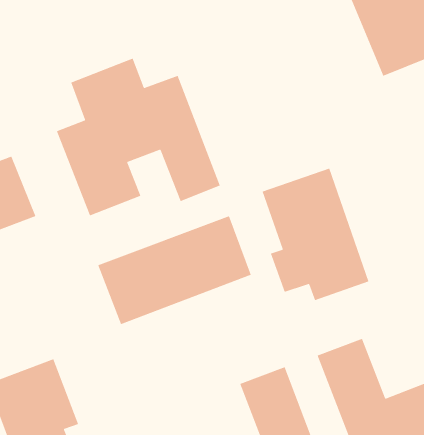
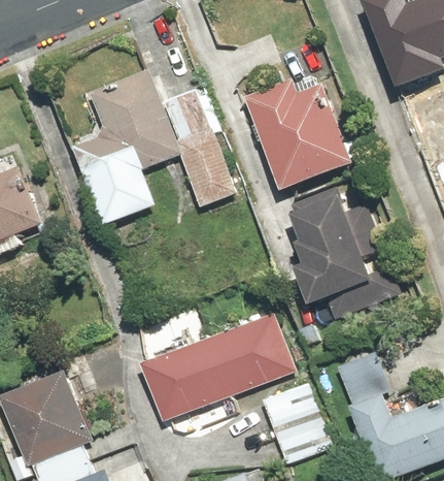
building: none -> [242,63,354,193]
building: [97,215,252,325] -> [137,311,294,422]

